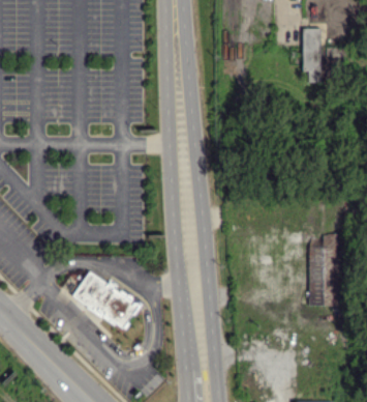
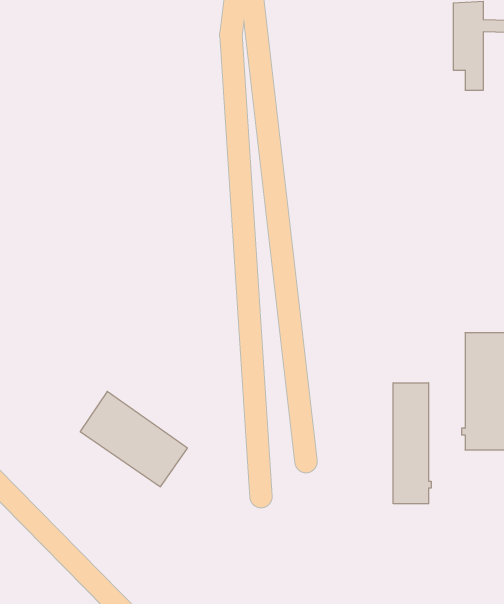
building: none -> [393,383,431,504]

